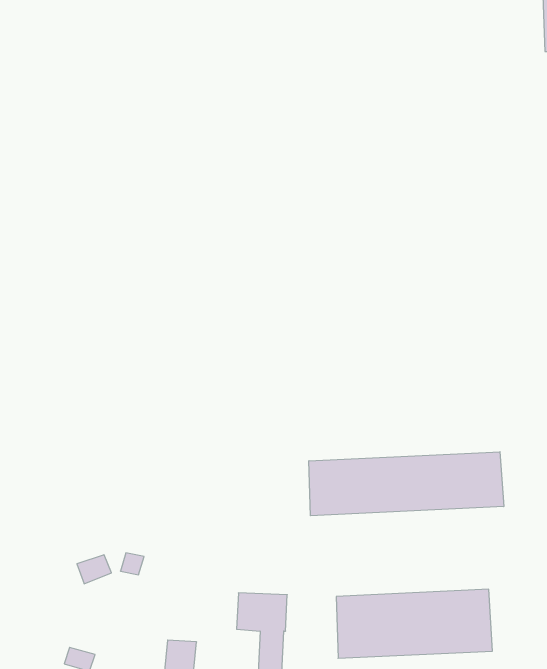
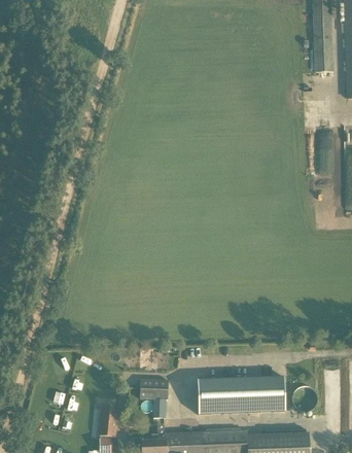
building: [309,452,504,516] -> none

